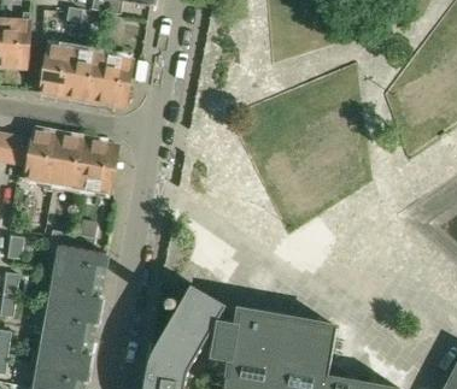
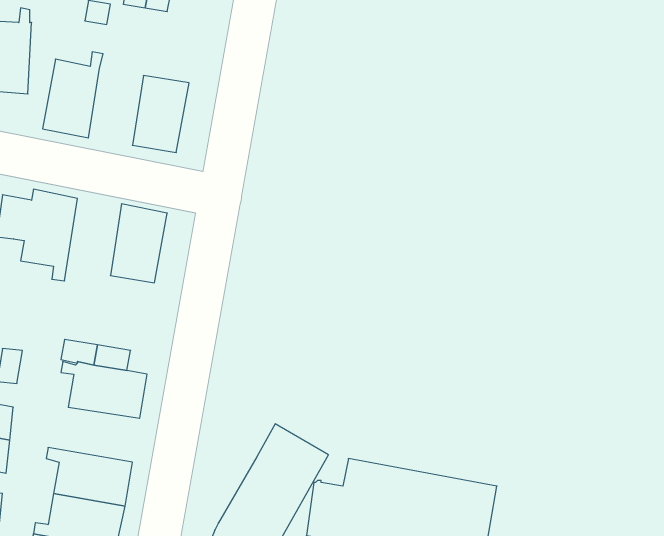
building: [68,47,105,102] -> none
building: [53,137,89,196] -> none
building: [41,275,101,311] -> none

